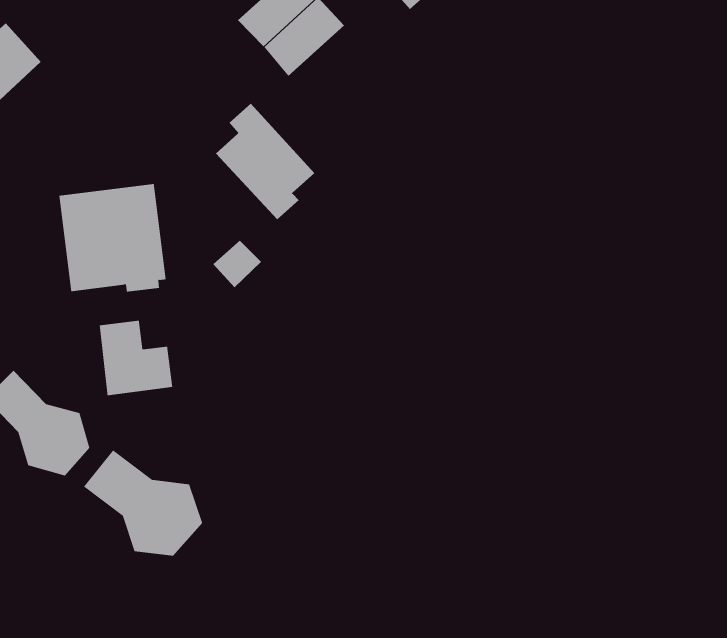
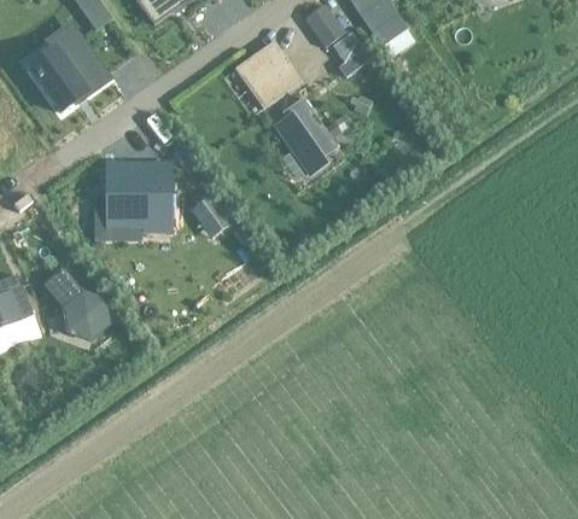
building: [215,103,315,220] -> [275,97,337,173]
building: [99,320,173,396] -> none
building: [83,449,203,556] -> none

